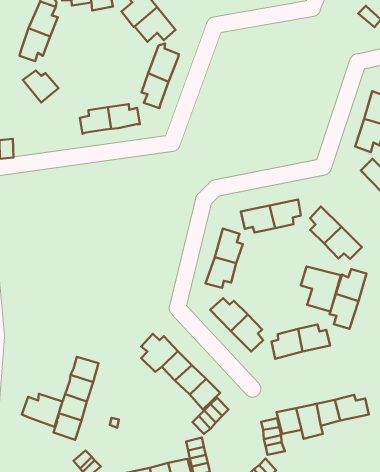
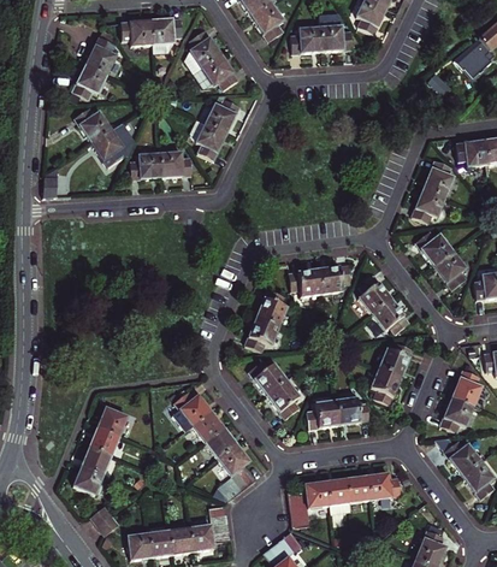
building: none -> [91,123,134,166]
building: [301,266,341,312] -> none
building: [22,394,62,427] -> none

